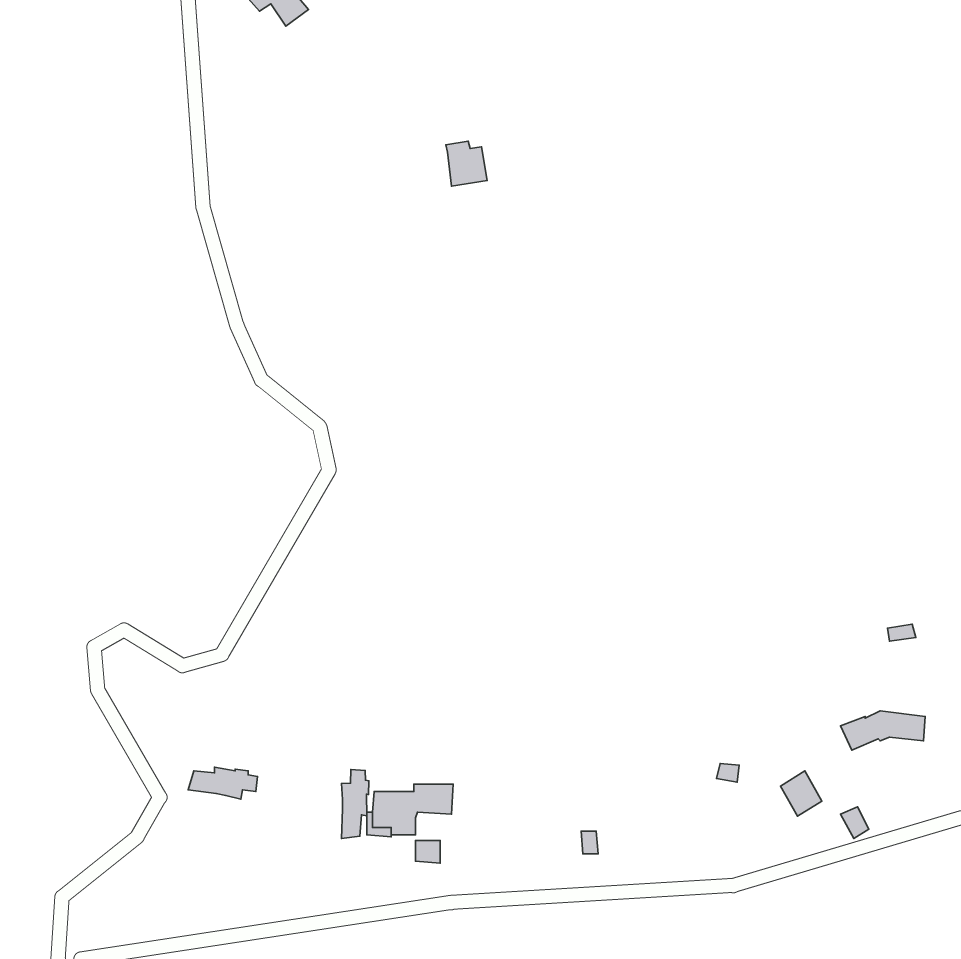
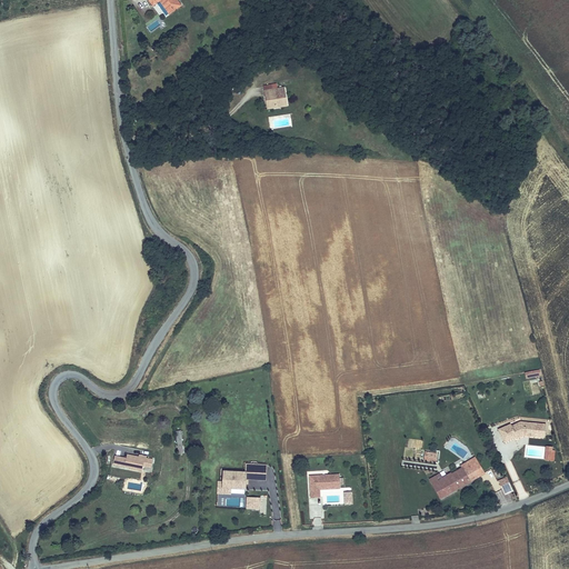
building: [341,770,369,839] -> none
building: none -> [429,465,471,500]
building: none -> [309,473,340,498]

